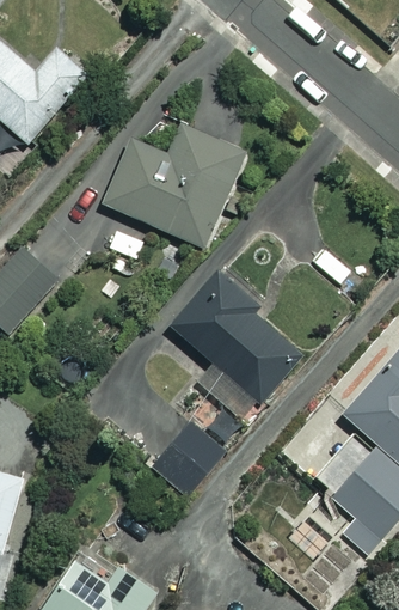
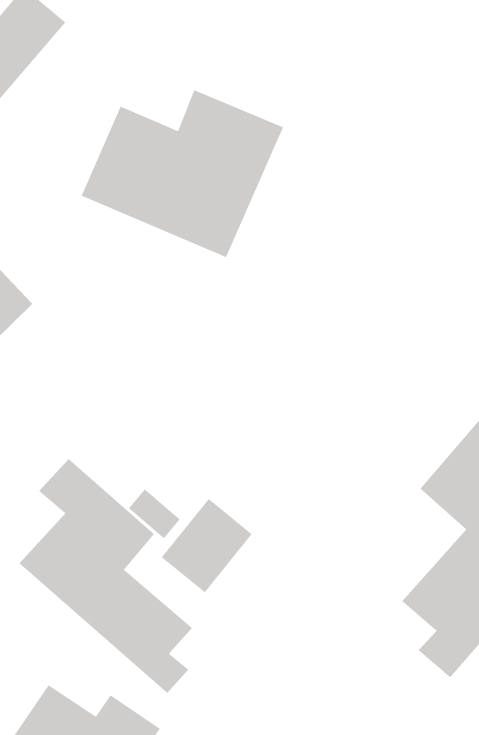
building: [170,272,299,426] -> none
building: none -> [19,458,193,694]

